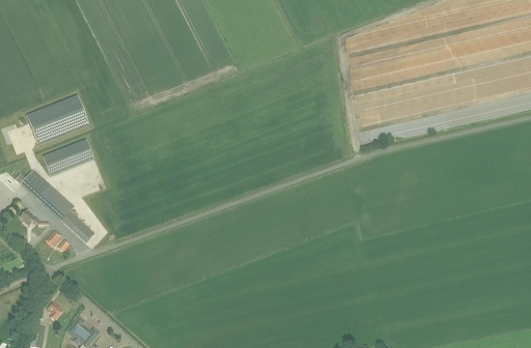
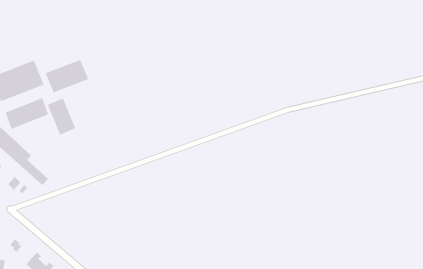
building: none -> [45,59,89,93]
building: none -> [47,97,76,135]

